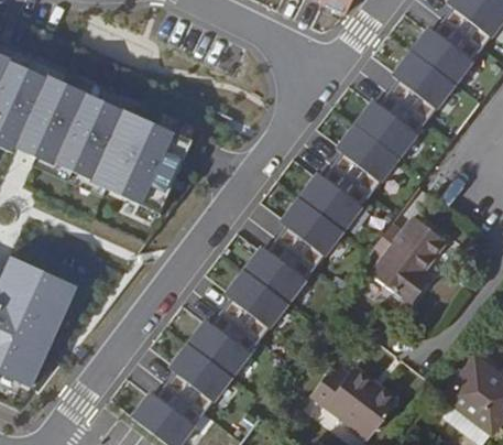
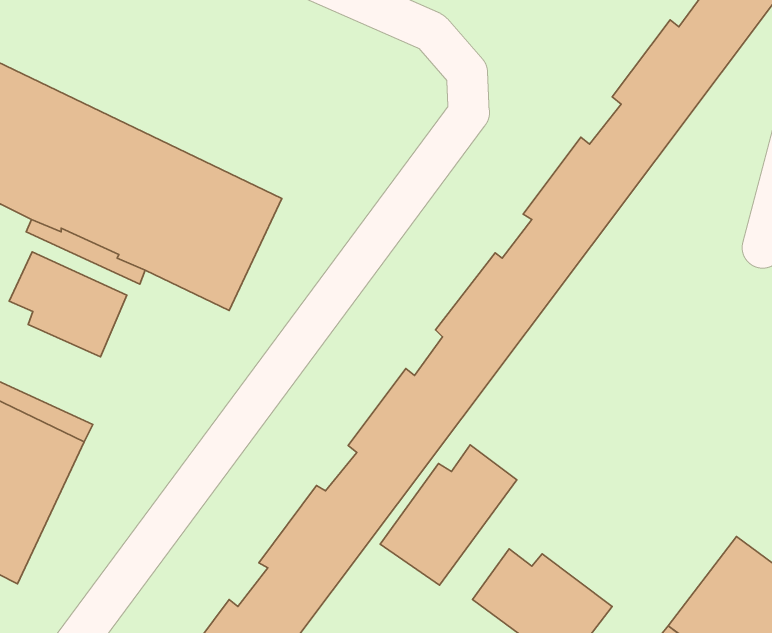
building: none -> [9,252,127,357]
building: [370,216,446,304] -> none
building: none -> [380,445,517,585]

